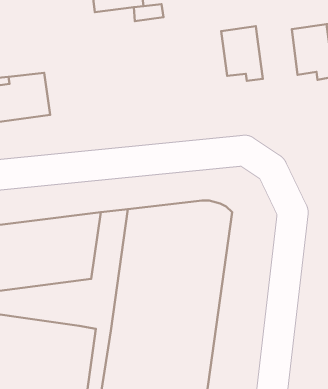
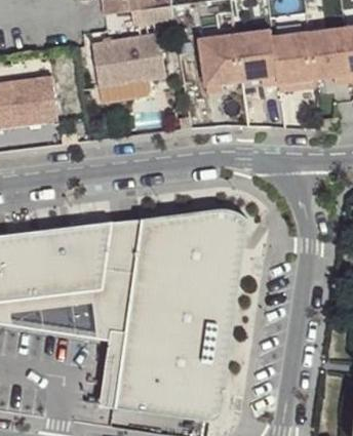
building: none -> [271,32,313,91]
building: none -> [198,34,240,93]
building: none -> [93,35,165,89]

